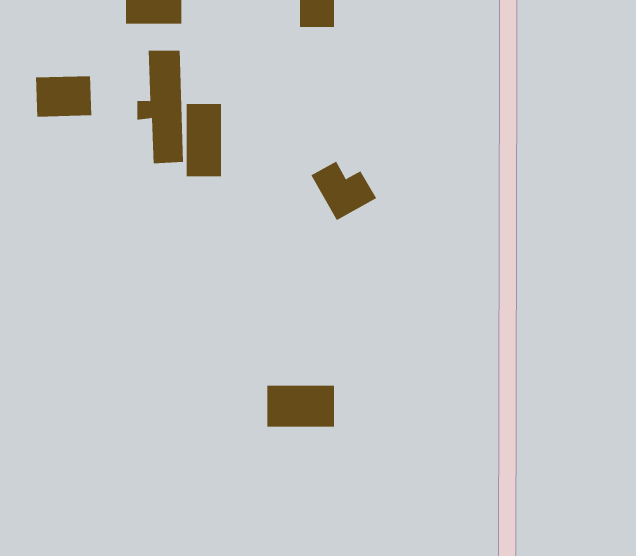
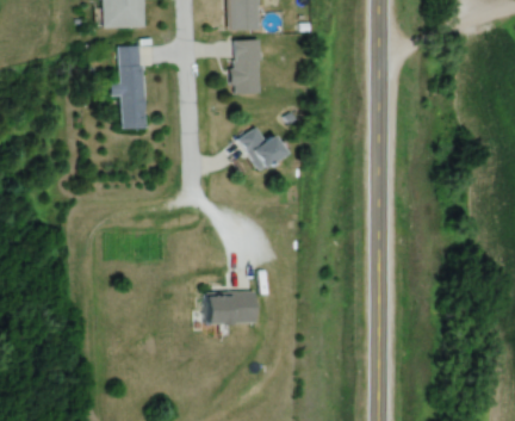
building: [36,75,92,117] -> none
building: [186,104,222,177] -> [234,41,260,94]

